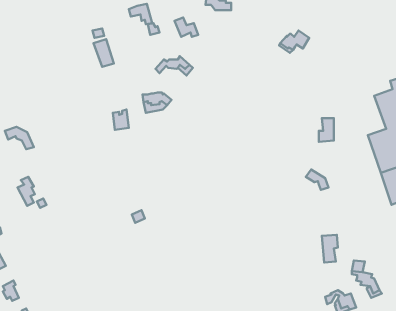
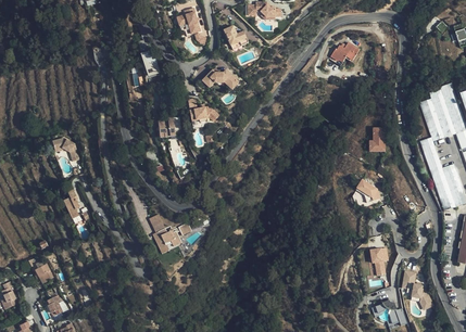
building: none -> [150,213,182,253]

